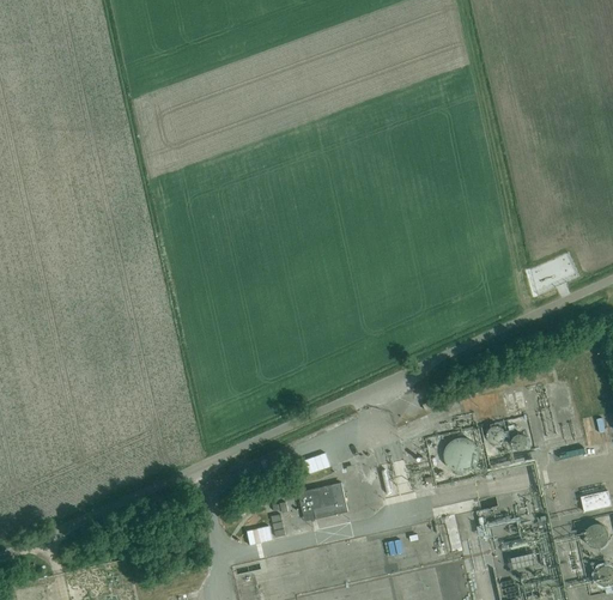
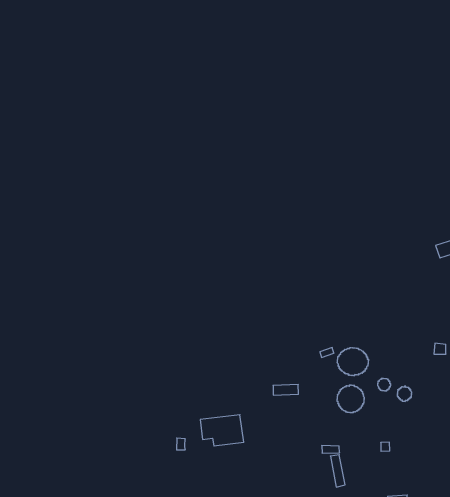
building: none -> [337,348,369,376]

